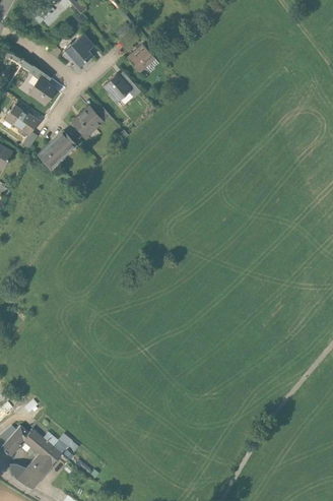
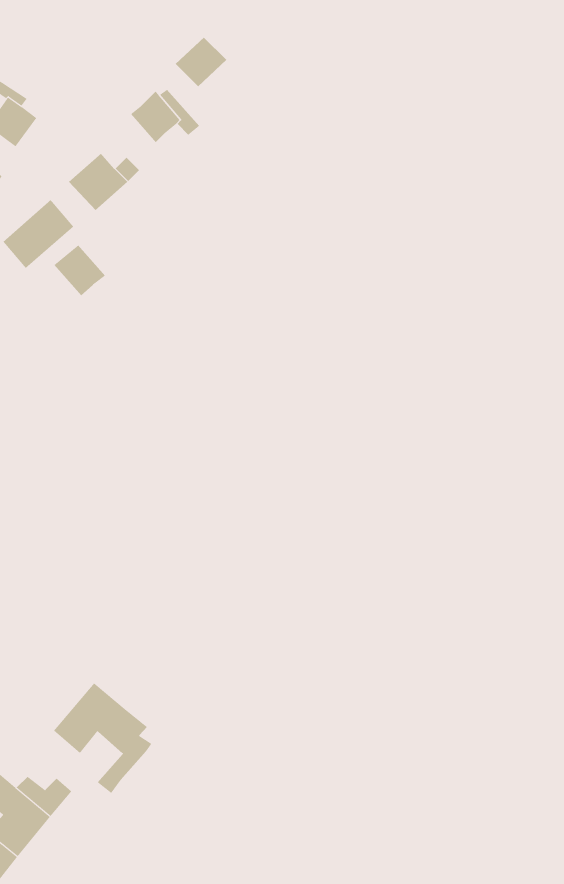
building: [63,34,92,67] -> none
building: none -> [53,244,106,296]
building: none -> [53,683,152,794]

